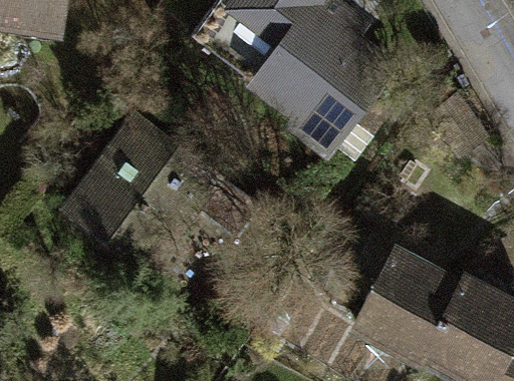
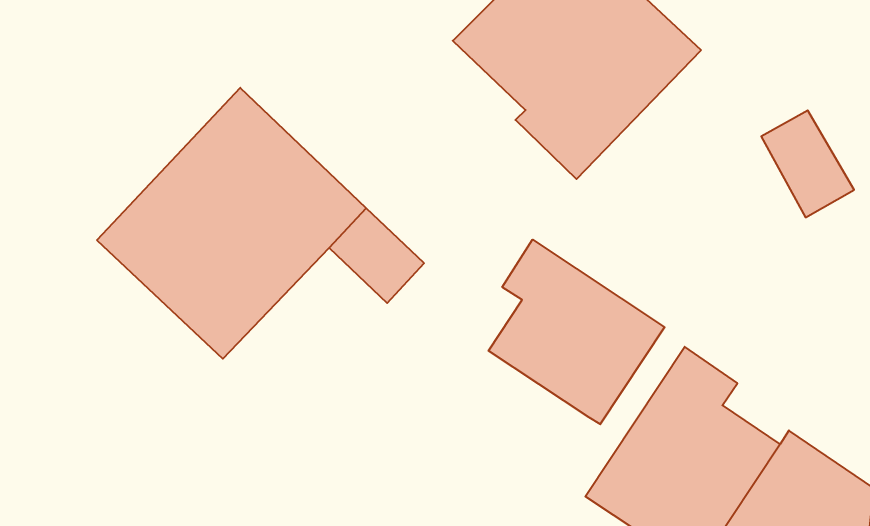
building: none -> [489,240,665,424]

